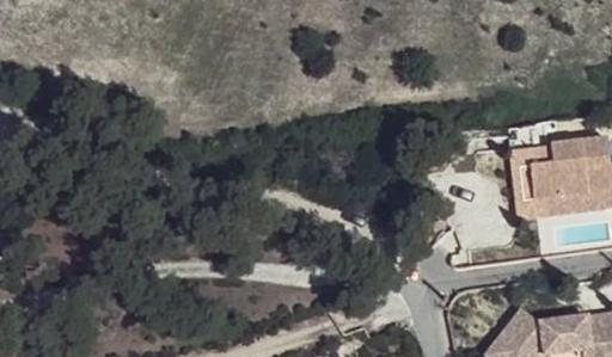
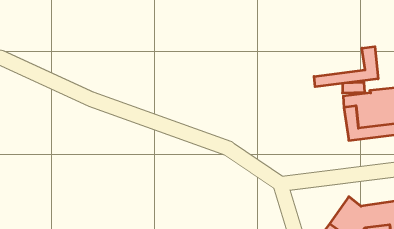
building: none -> [314,47,378,87]

